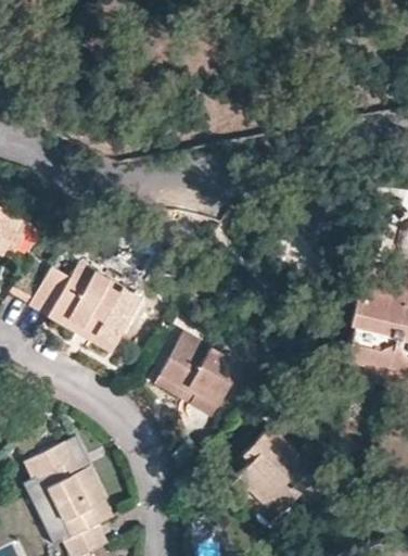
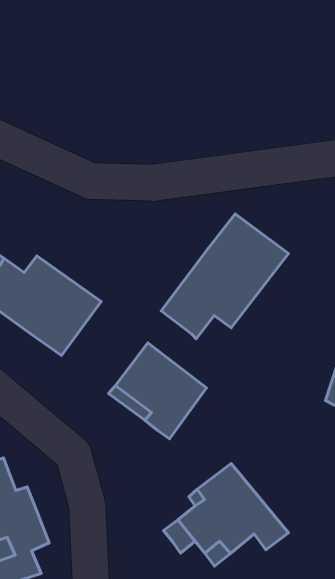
building: none -> [161,214,288,339]

